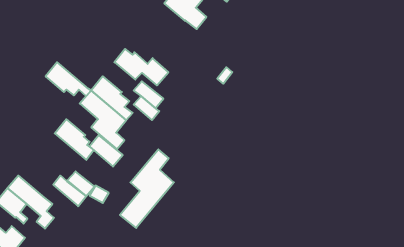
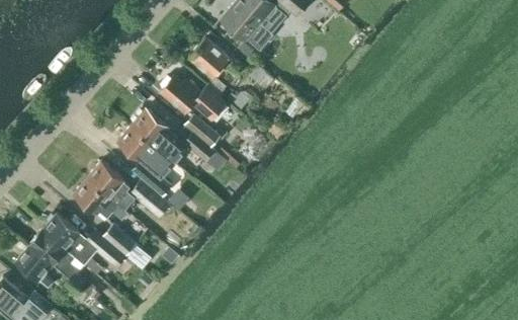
building: none -> [189,38,244,78]
building: [46,62,91,96] -> [74,179,130,221]
building: [120,149,174,228] -> none
building: none -> [44,215,90,265]

